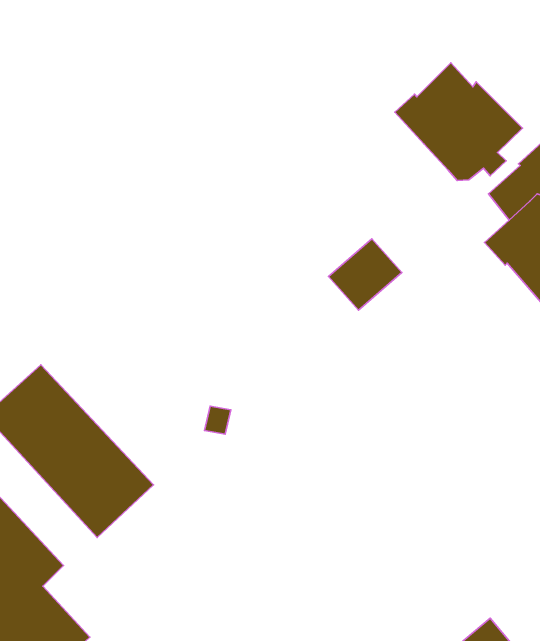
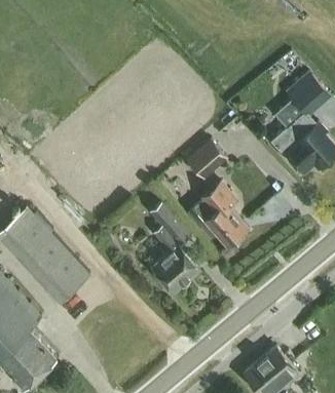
building: [395,63,522,181] -> none
building: none -> [188,185,248,247]
building: none -> [151,201,200,292]

